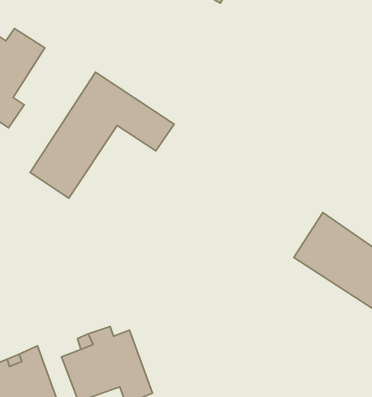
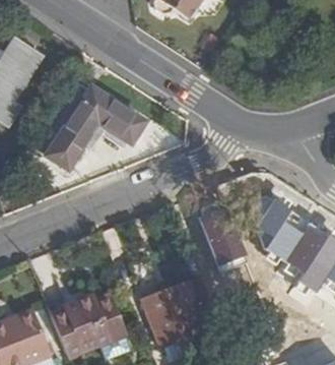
building: none -> [200,203,245,261]
building: none -> [142,280,209,345]

